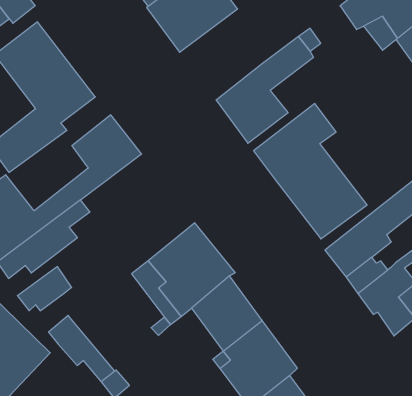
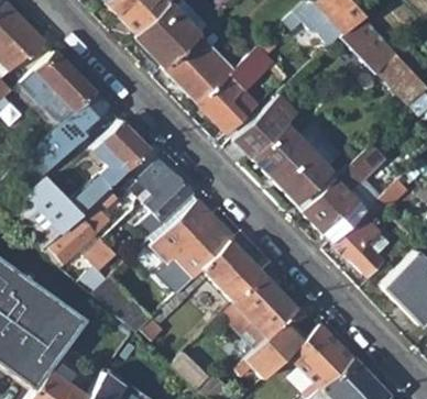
building: none -> [167,25,236,101]
building: none -> [136,163,191,245]

